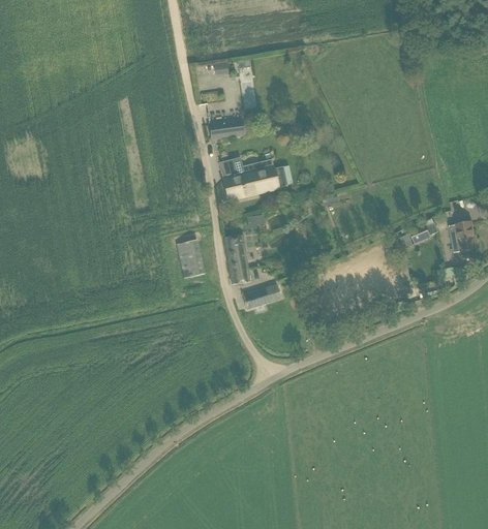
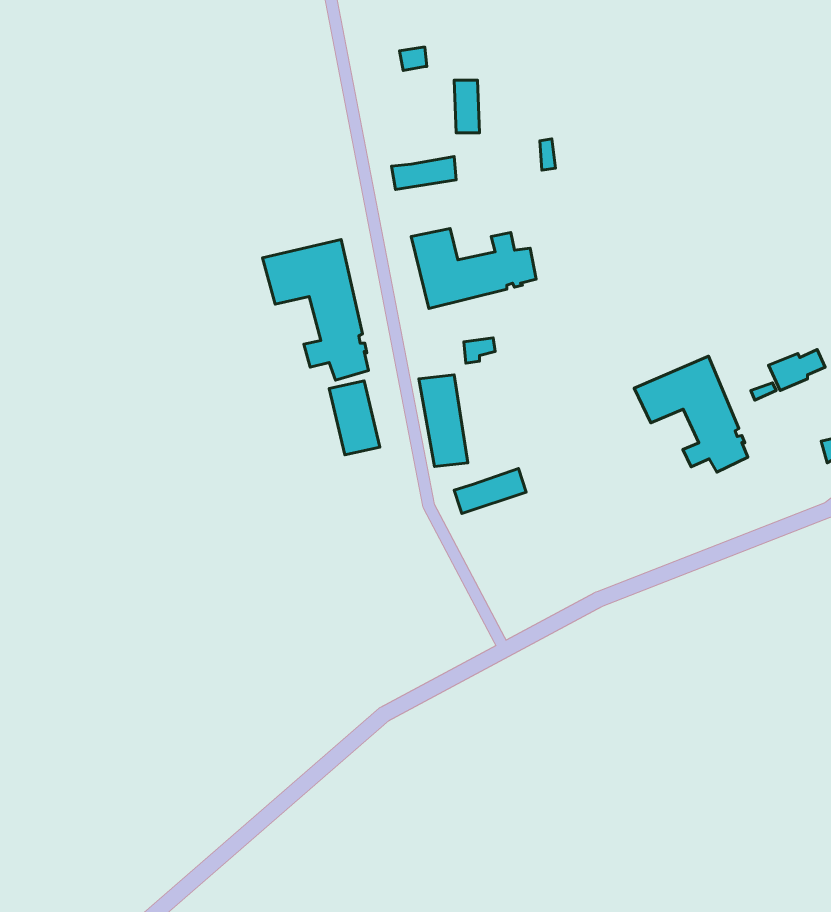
building: none -> [263,240,368,380]
building: none -> [634,356,748,472]

